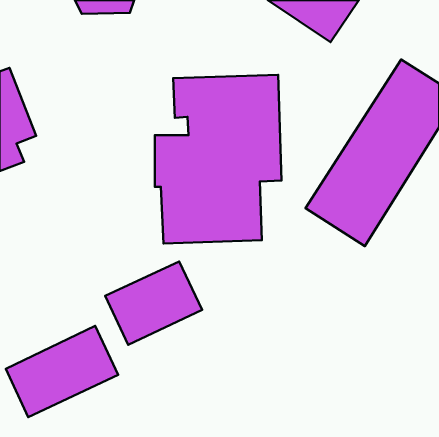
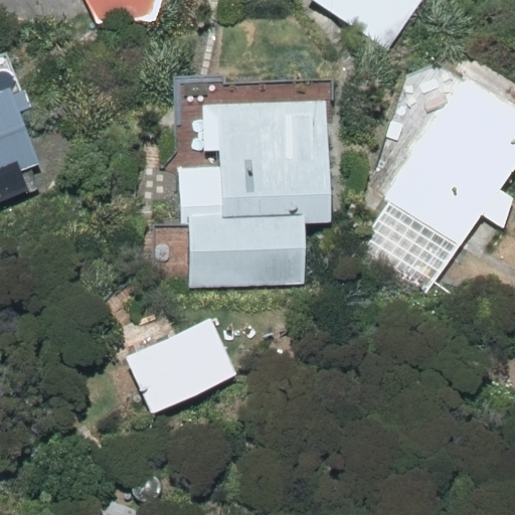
building: [6,326,118,417] -> none

